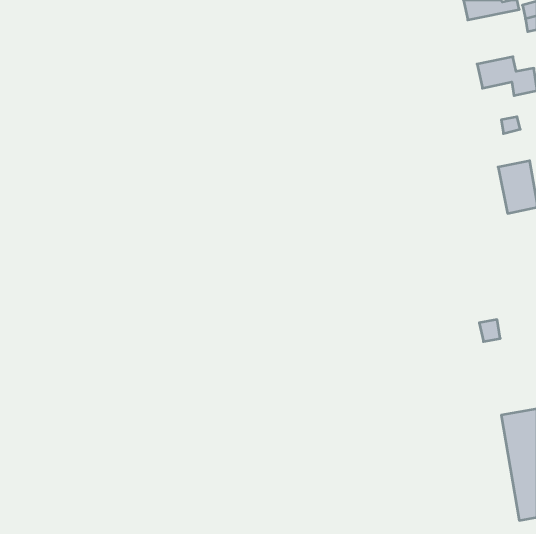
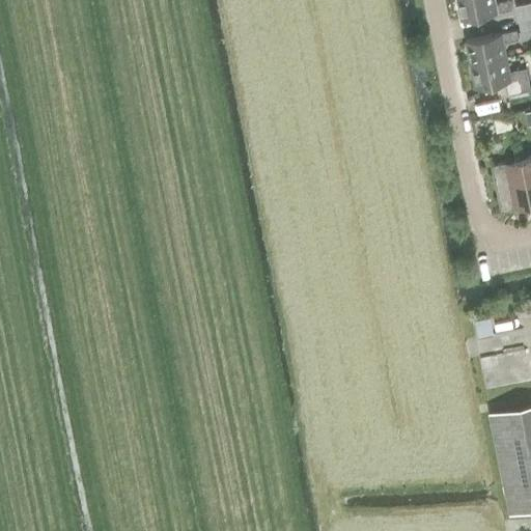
building: none -> [467,32,520,66]

